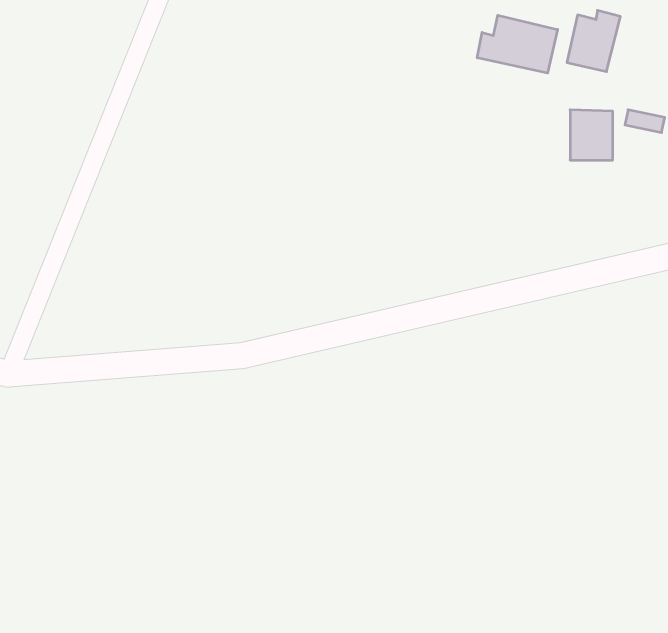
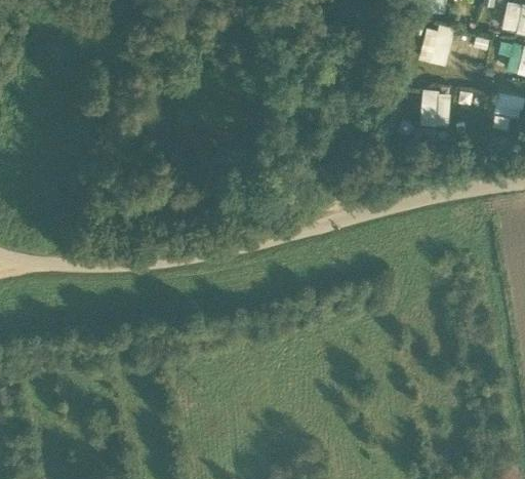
building: [477,15,558,73] -> none

